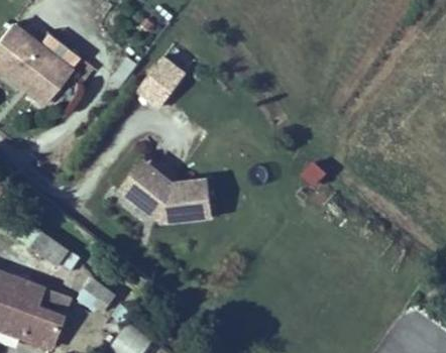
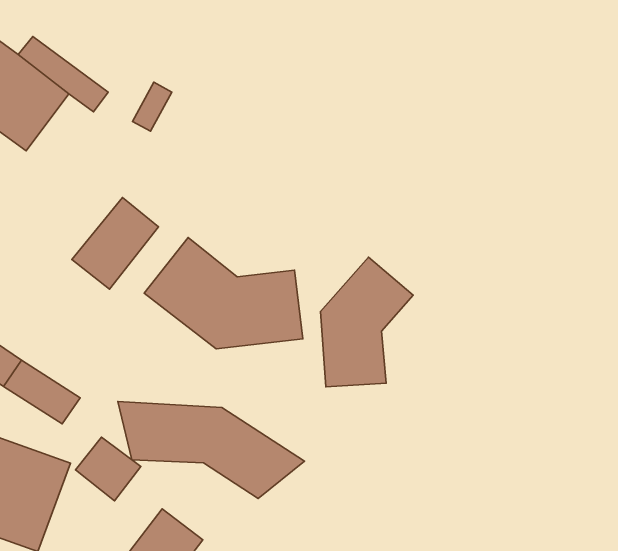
building: [133,55,187,112] -> [72,197,158,289]
building: none -> [321,257,413,387]
building: none -> [118,402,305,499]

